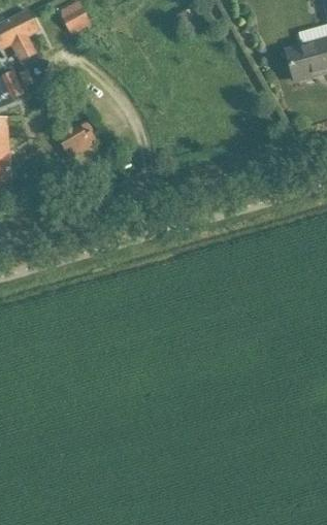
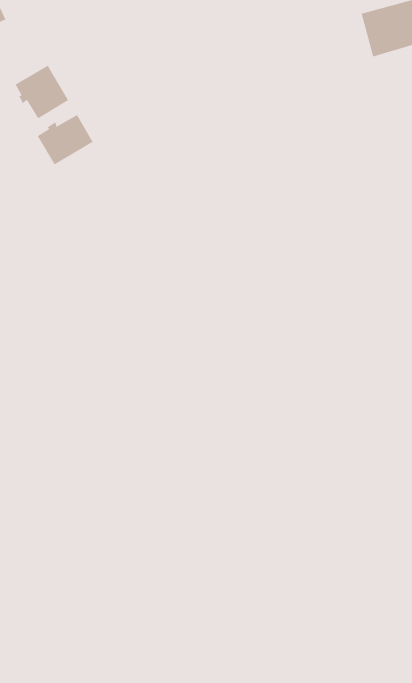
building: none -> [15,65,69,119]

